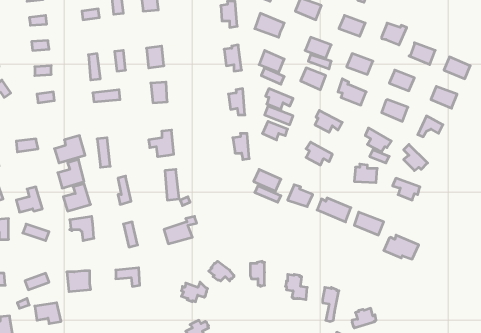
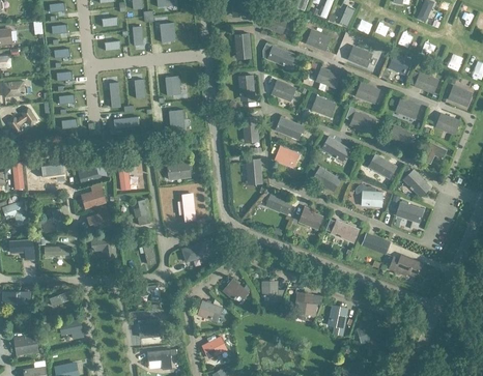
building: [67,271,91,292] -> [137,319,160,339]

